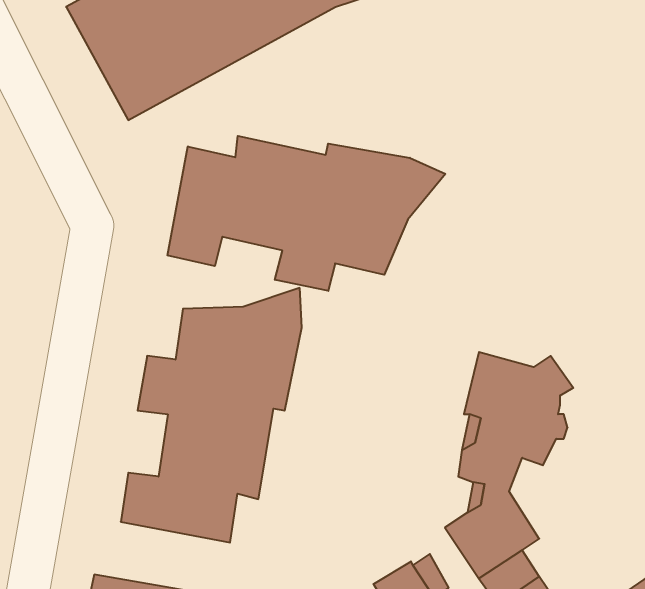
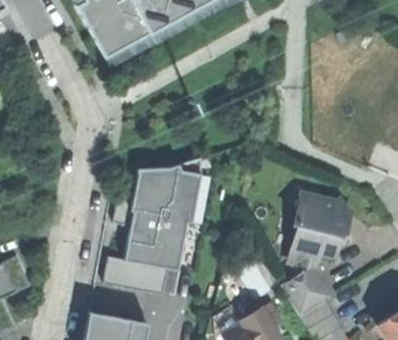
building: [167,136,445,291] -> none

